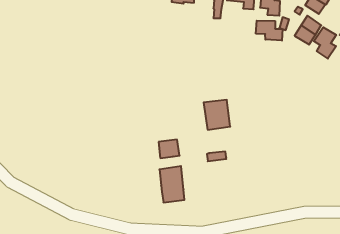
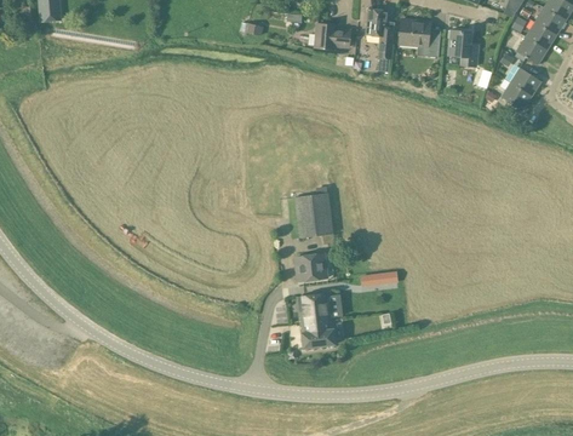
building: [256,21,282,41] -> none
building: [314,27,336,59] -> none
building: [204,100,230,130] -> [293,193,333,237]

